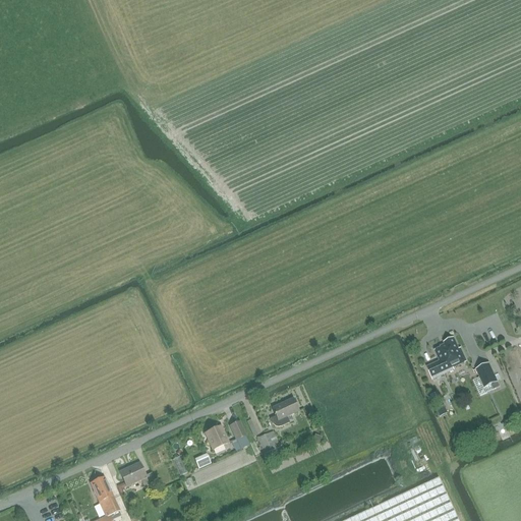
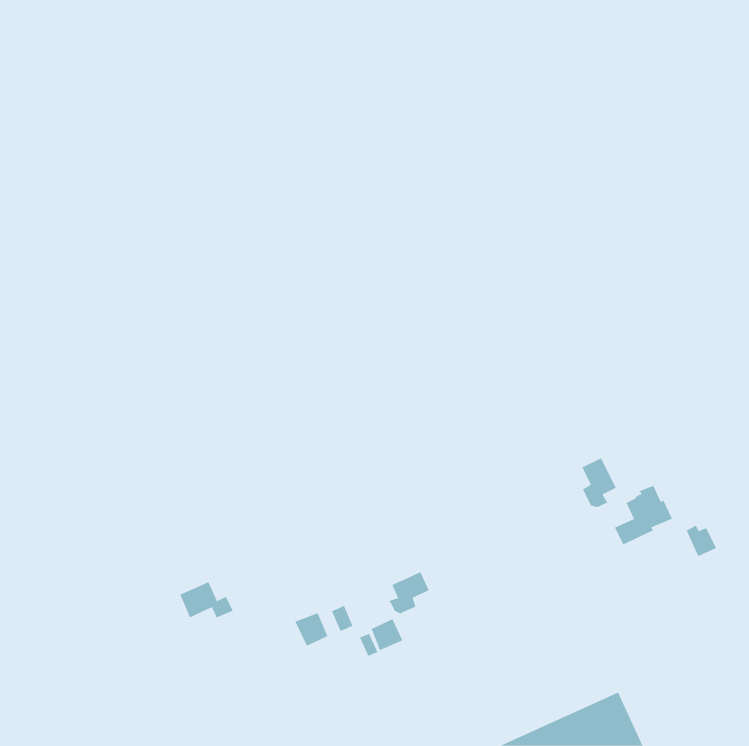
building: none -> [582,457,617,508]
building: [119,461,157,486] -> [179,581,234,618]
building: [90,475,119,513] -> none

